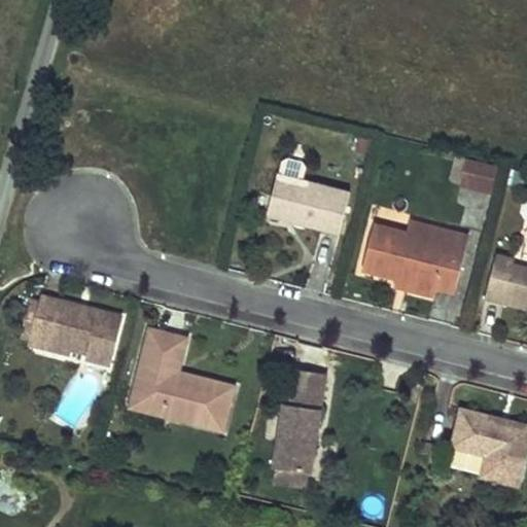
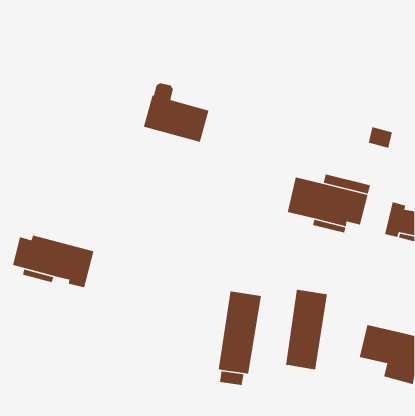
building: [266,156,350,233] -> [143,82,210,143]
building: [130,327,234,431] -> none
building: none -> [285,289,328,370]

